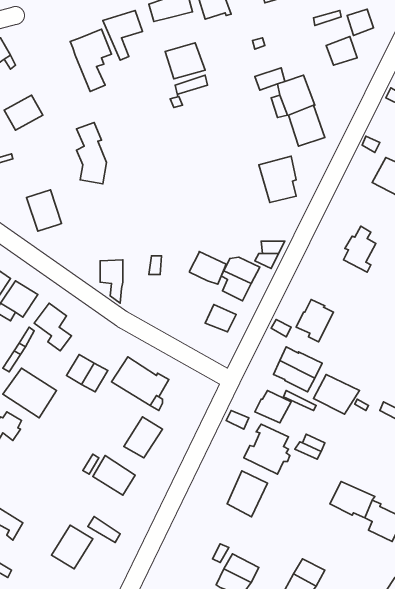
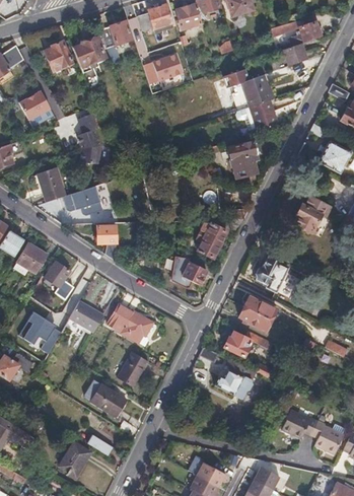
building: none -> [45,39,75,69]
building: none -> [63,186,103,215]
building: [189,251,226,284] -> none
building: [313,374,360,414] -> none
building: [227,471,268,517] -> none

